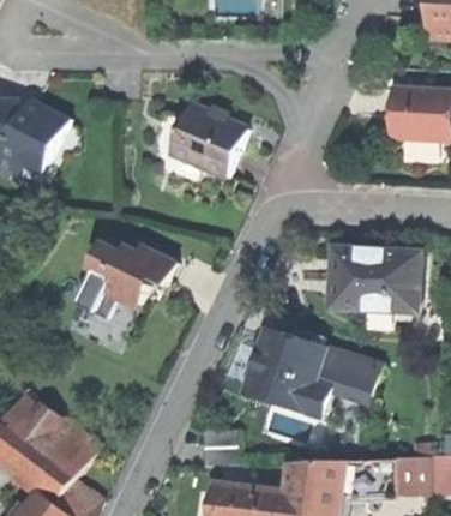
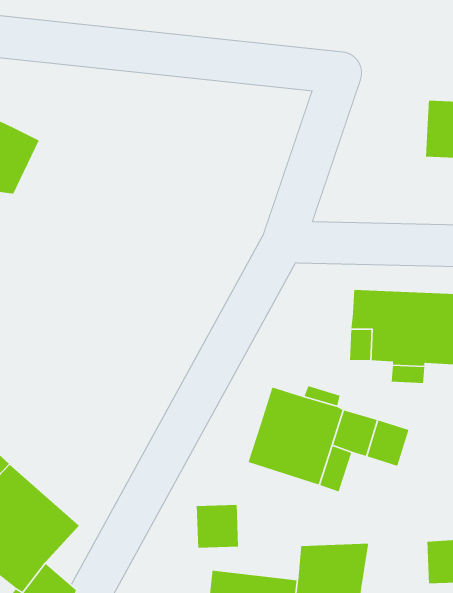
building: [168,103,246,176] -> none
building: [84,244,173,304] -> none
building: [339,458,395,497] -> none

